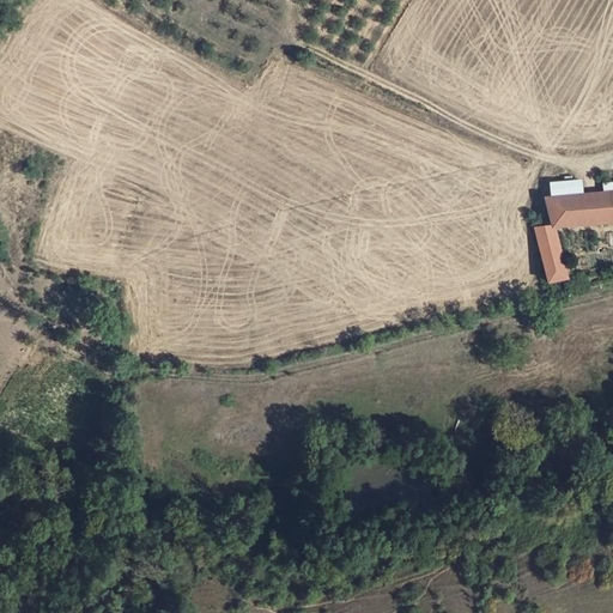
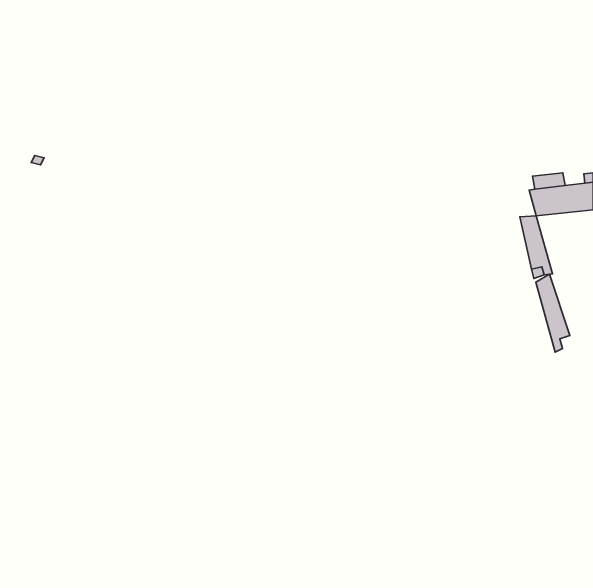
building: none -> [536,274,570,352]

